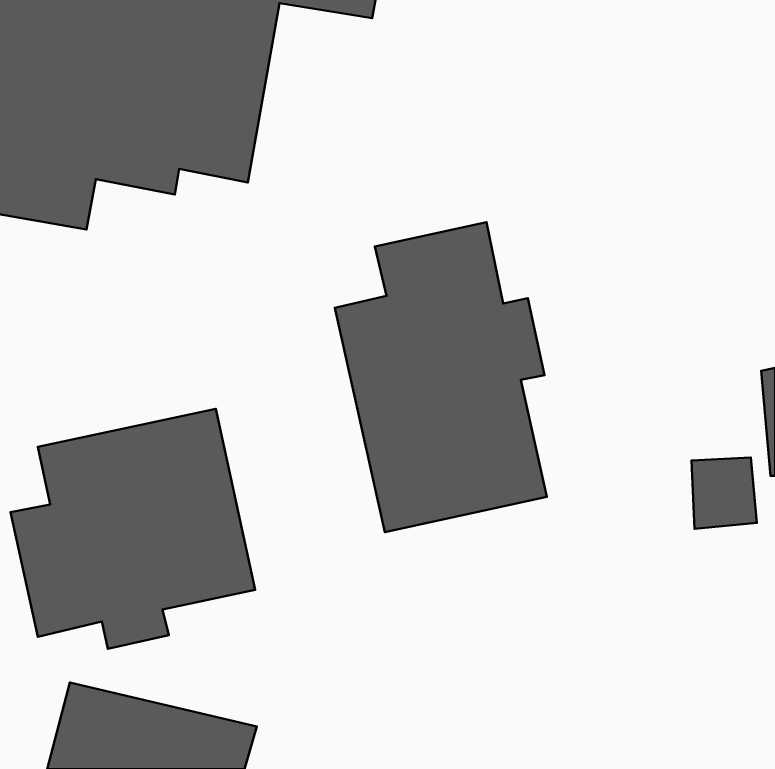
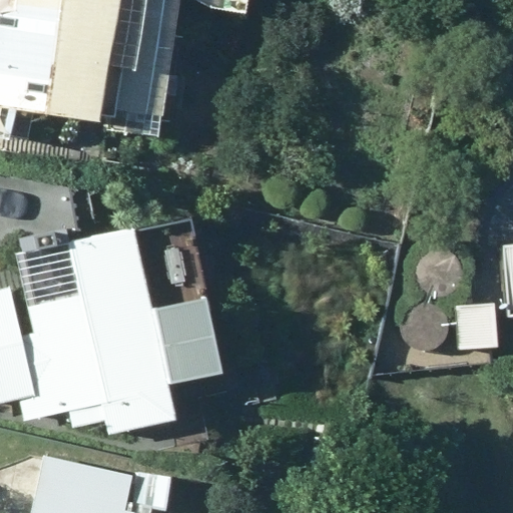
building: [335,222,547,532] -> none

